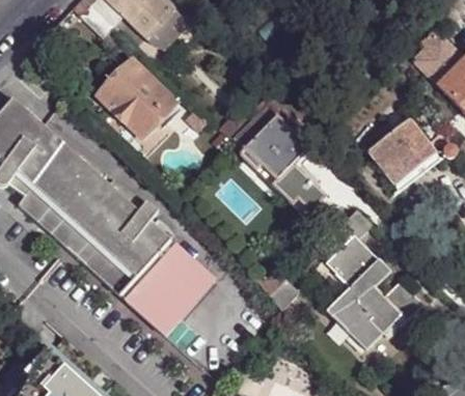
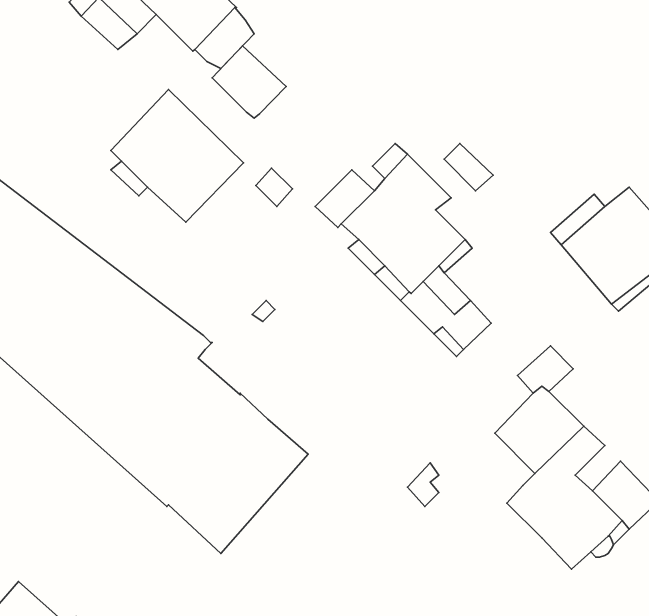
building: none -> [212,46,286,118]

